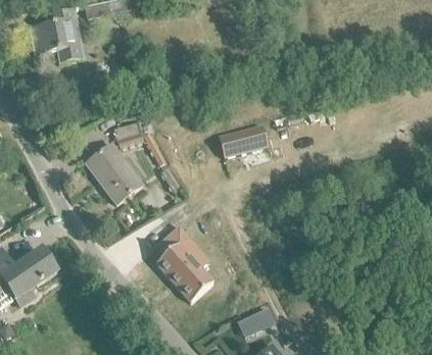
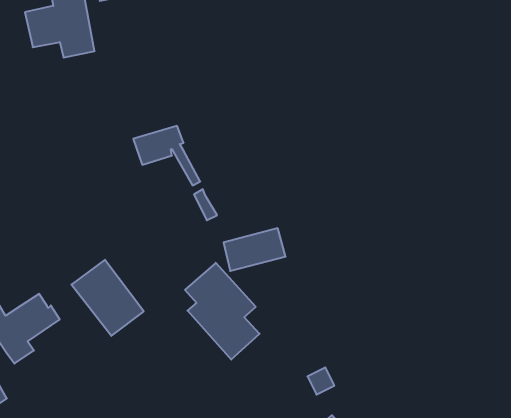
building: [219,123,268,157] -> [224,228,286,271]
building: [85,144,142,204] -> [71,260,144,336]

